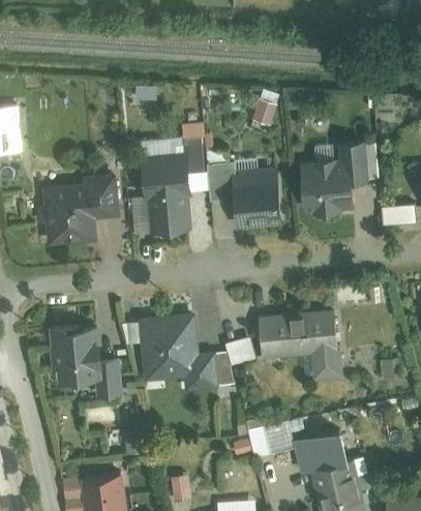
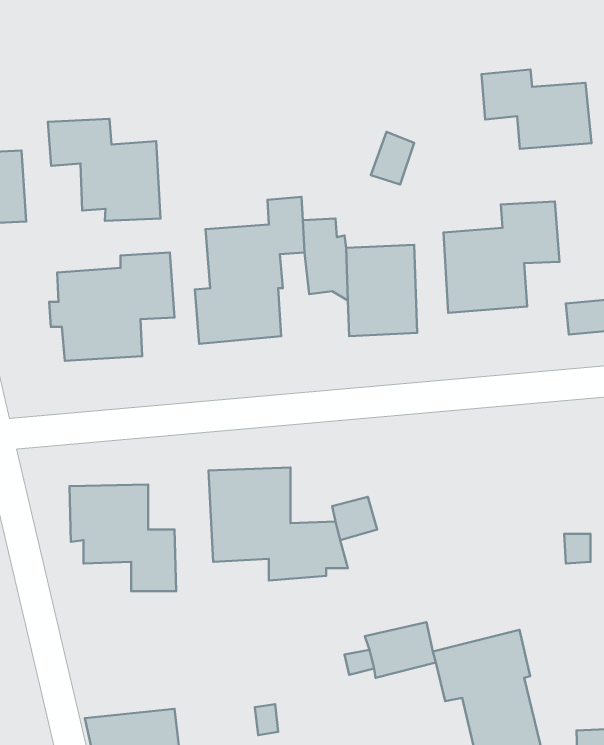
building: none -> [482,69,592,149]
building: none -> [48,119,161,221]
building: [260,310,342,379] -> none

